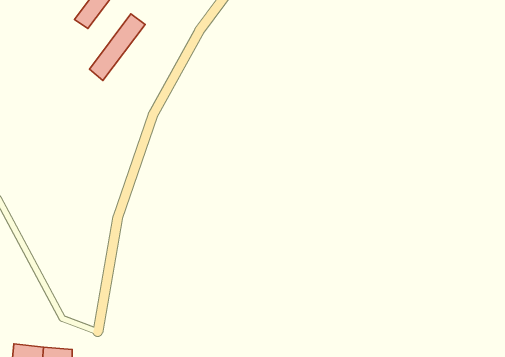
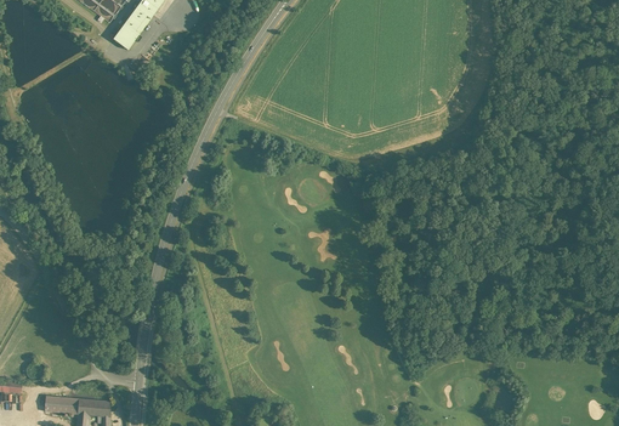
building: [89,14,145,81] -> none

